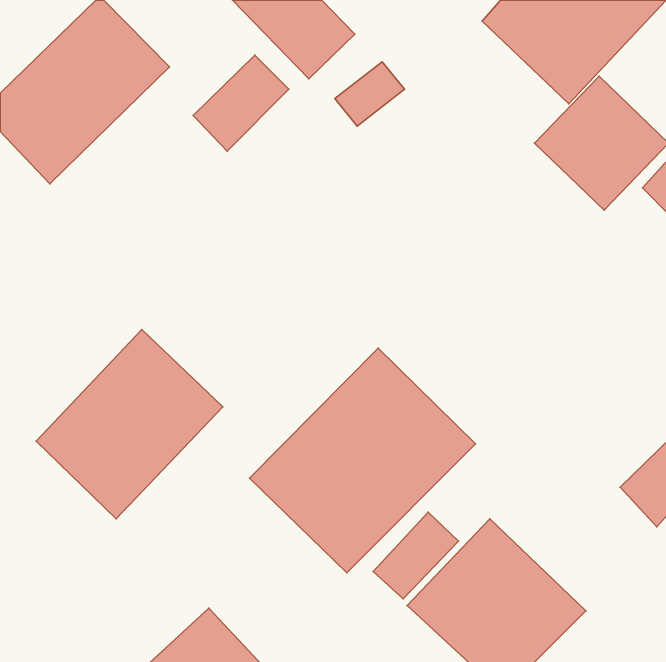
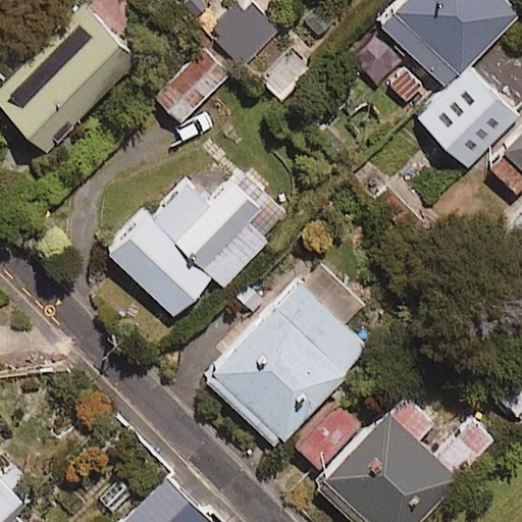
building: none -> [106,171,291,315]
building: [36,329,223,519] -> none

